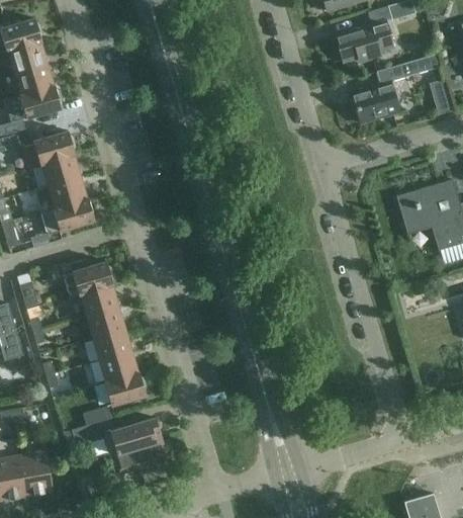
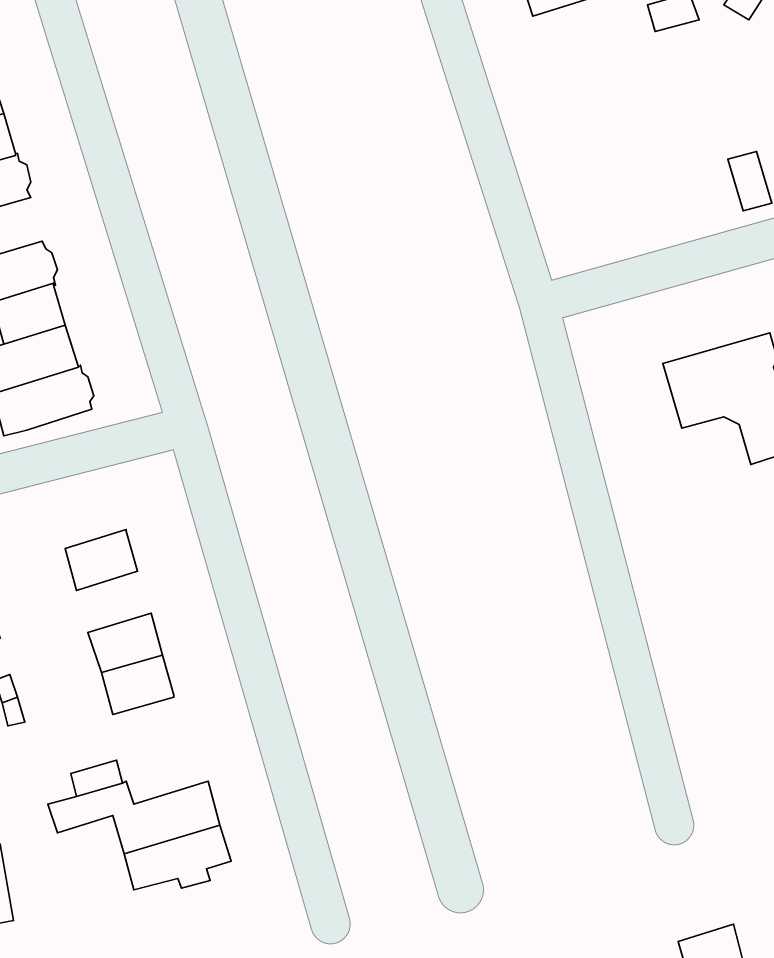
building: [334,19,393,62] -> none
building: [351,53,441,122] -> none
building: [60,259,113,296] -> none
building: [85,306,124,338] -> none
building: [103,371,146,405] -> none

